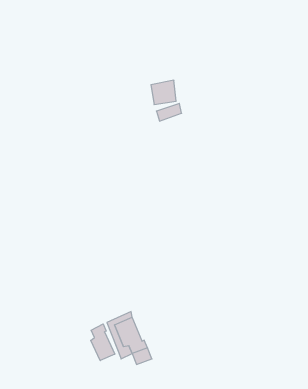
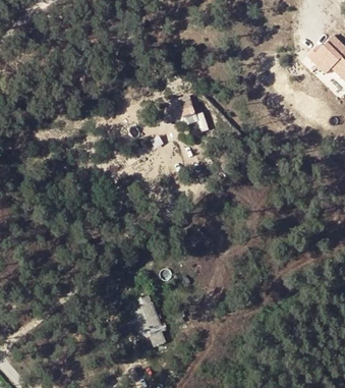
building: [91,324,115,361] -> none

